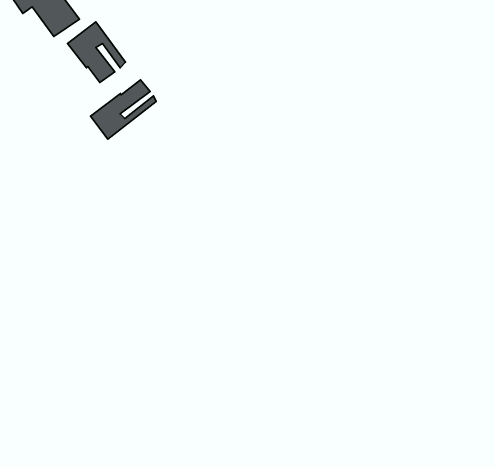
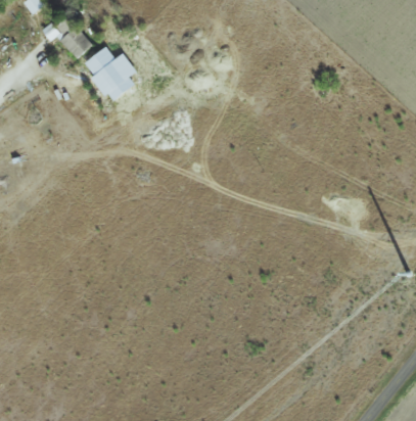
building: [90,80,156,139] -> none

